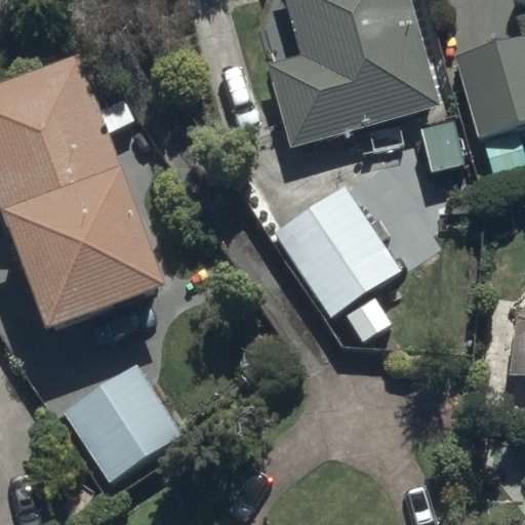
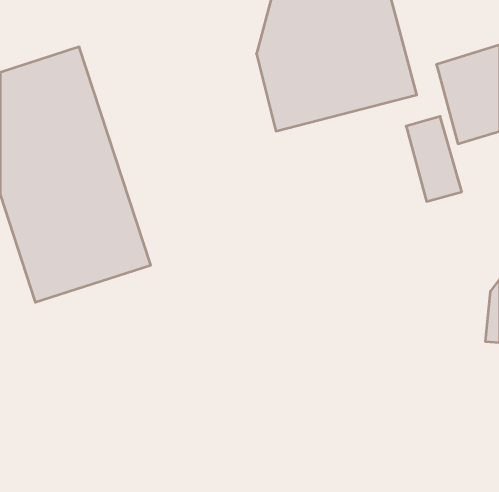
building: [276,195,406,352] -> none
building: [64,364,187,492] -> none

